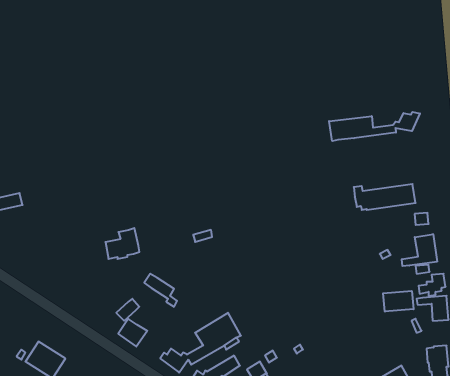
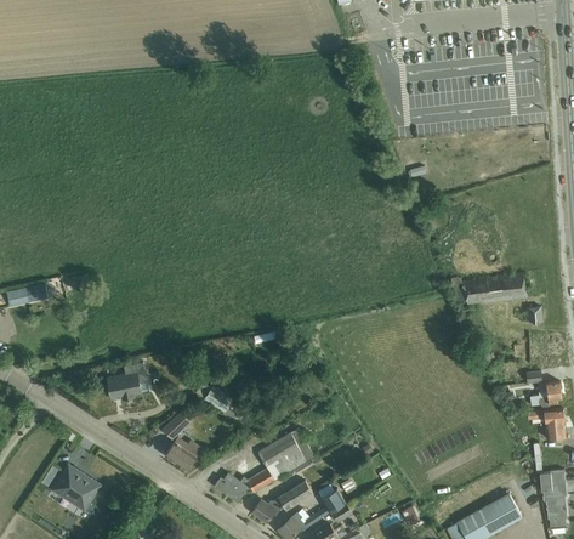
building: [329,112,420,141] -> none
building: [105,228,139,259] -> [108,361,149,398]
building: [402,234,437,266] -> none
building: [383,291,414,312] -> none

